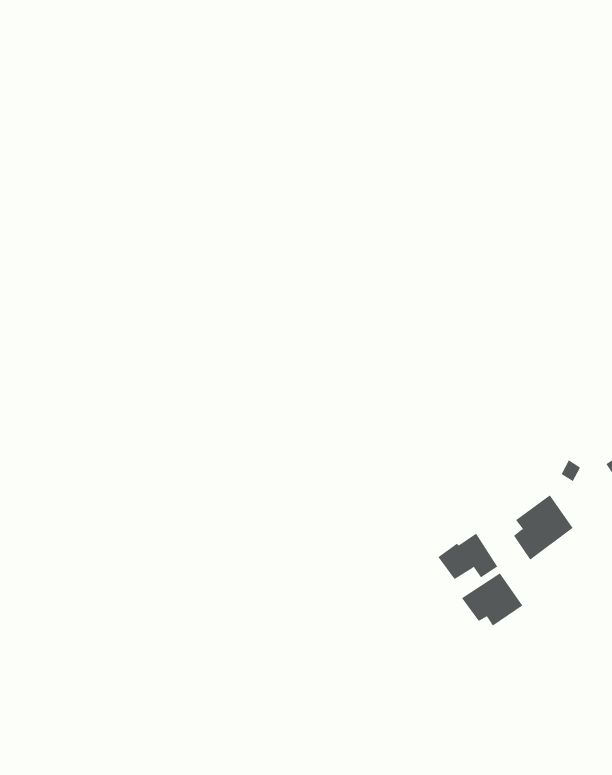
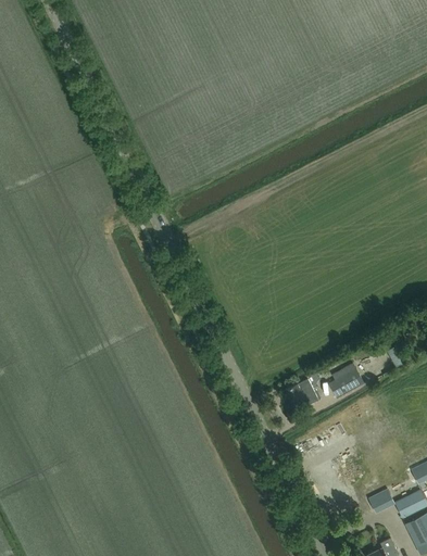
building: [461,572,523,626] -> none

